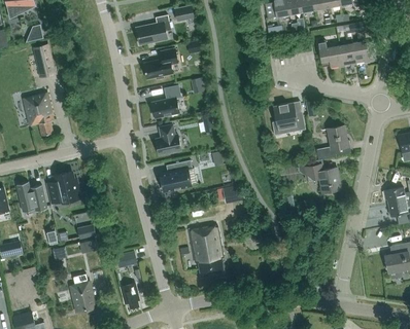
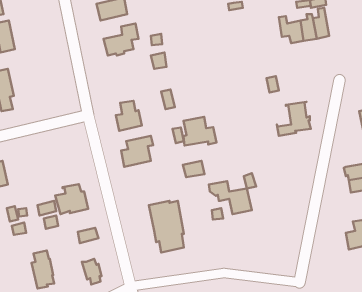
building: [151,85,181,118] -> none
building: [273,104,306,133] -> [183,117,216,146]
building: [299,161,342,194] -> [209,181,252,214]
building: [47,173,80,203] -> [55,184,88,214]

